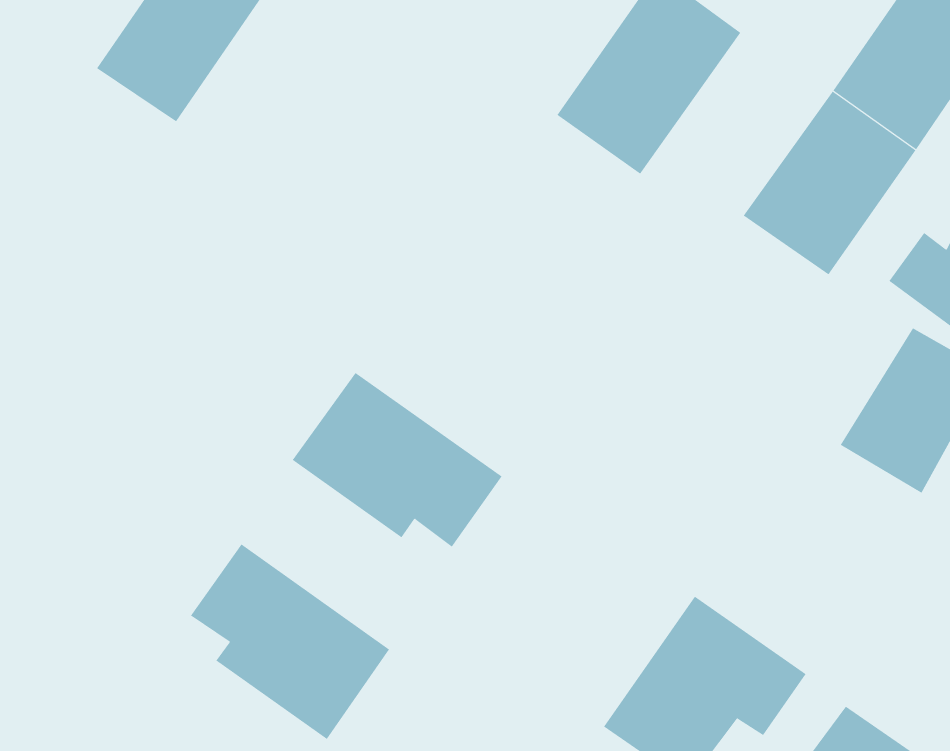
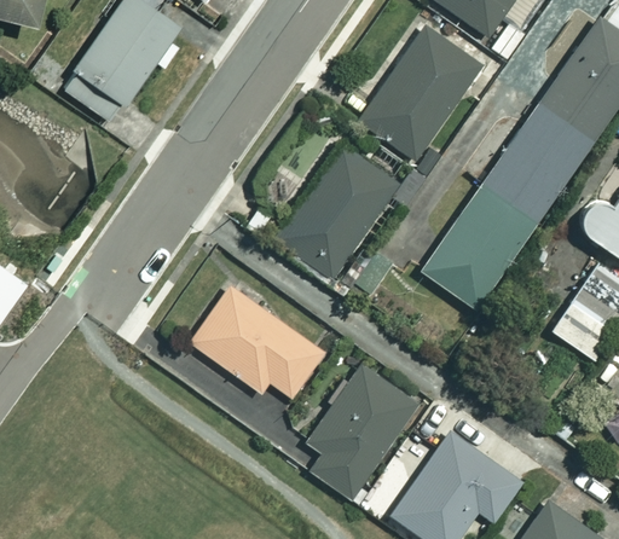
building: none -> [277,144,399,278]
building: none -> [421,184,538,309]
building: none -> [307,363,420,499]
building: [190,543,390,740] -> none

